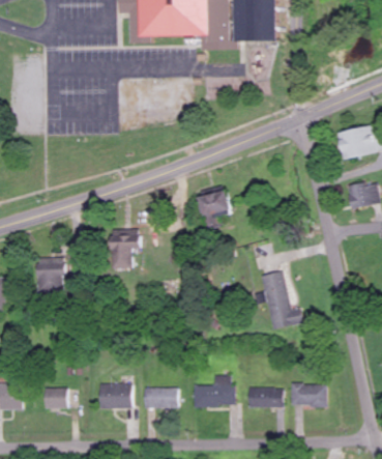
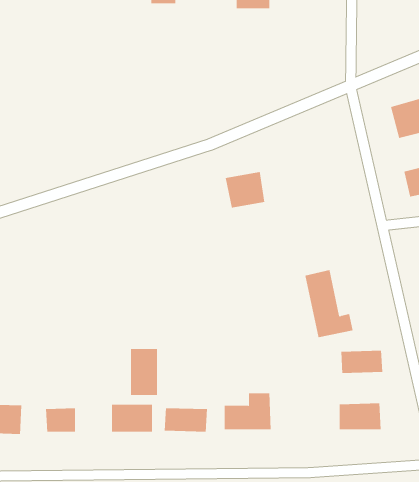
building: [109,229,140,268] -> none
building: [34,257,63,290] -> none
building: none -> [131,348,158,396]
building: [247,388,284,407] -> [340,350,383,373]

